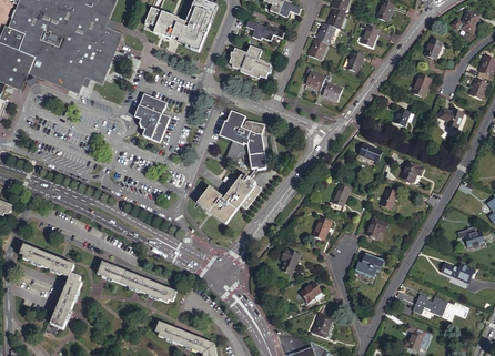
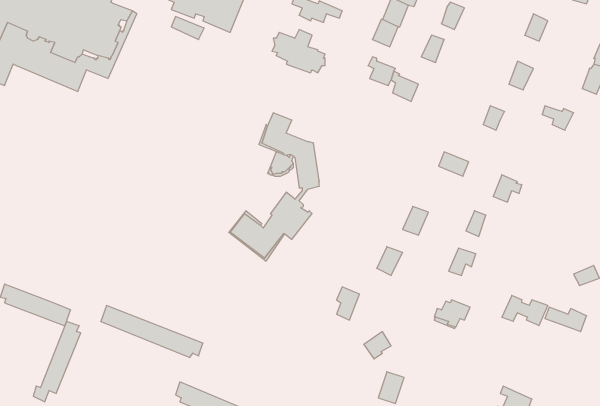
building: [137,96,171,145] -> none
building: [412,293,447,316] -> [502,295,548,326]

